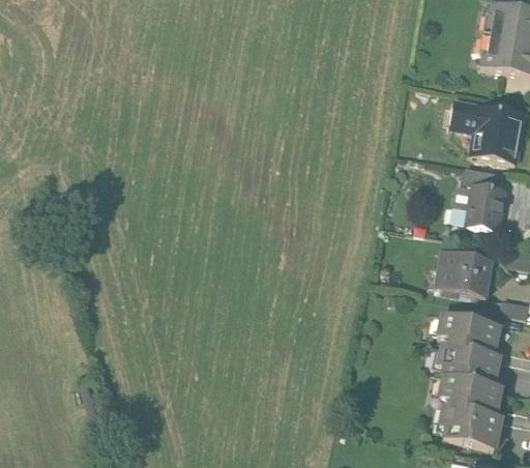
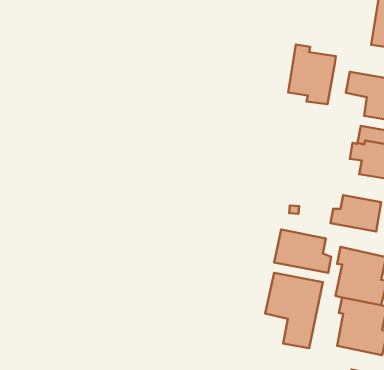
building: none -> [288,44,336,104]
building: none -> [274,229,331,273]
building: none -> [265,273,323,348]

